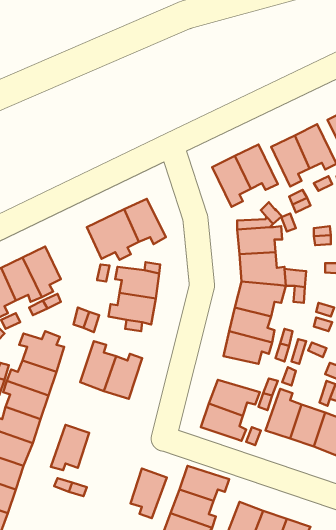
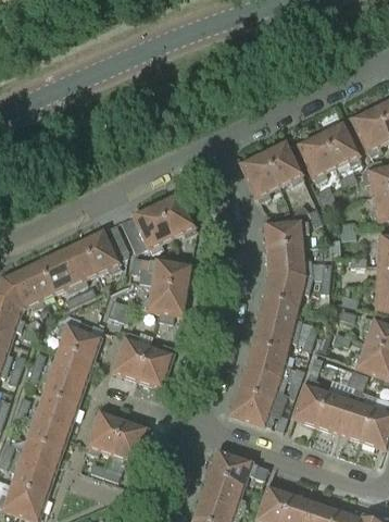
building: none -> [80,224,128,273]
building: none -> [247,346,290,381]
building: [131,469,167,518] -> [112,420,147,468]

